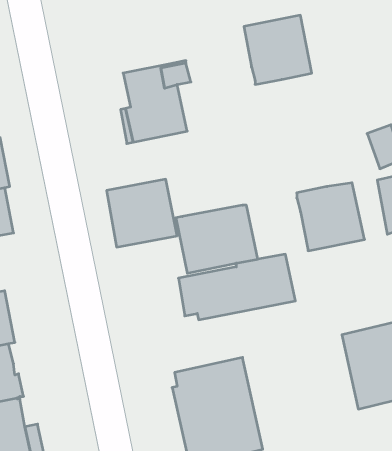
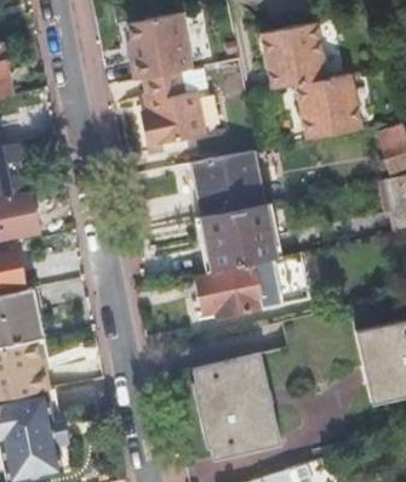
building: none -> [128,12,193,80]
building: [107,179,177,247] -> [191,151,259,216]
building: [297,183,365,251] -> [297,74,362,140]

